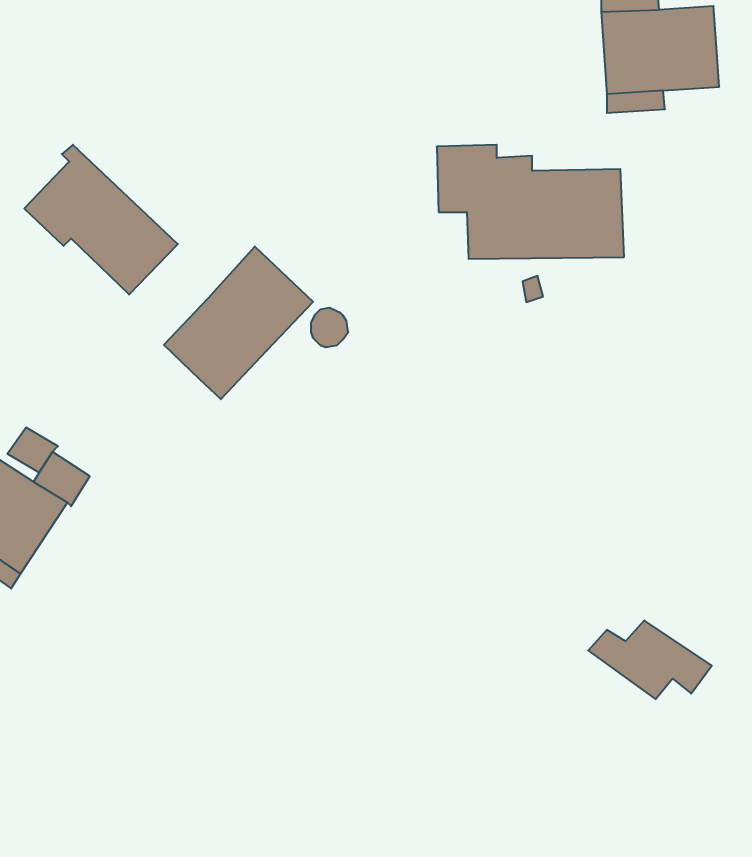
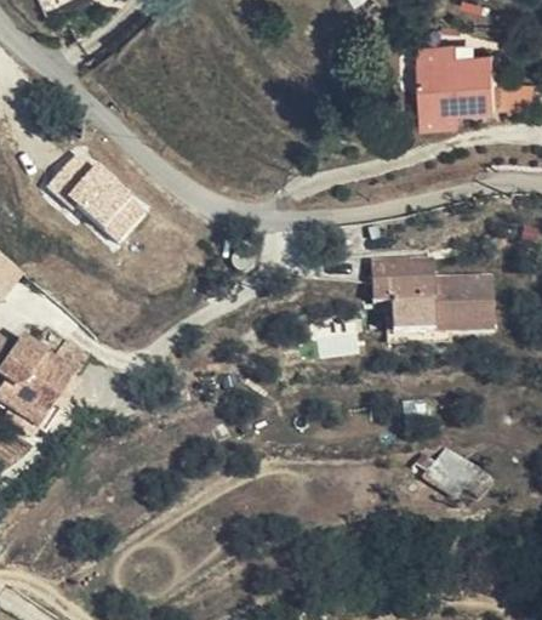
building: [437,145,624,259] -> [371,260,492,334]
building: [164,246,313,399] -> none

